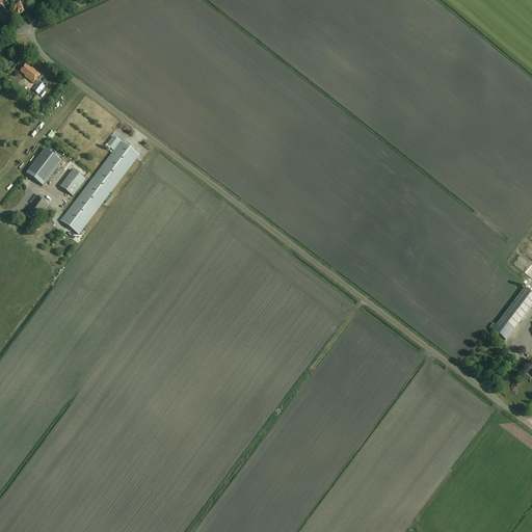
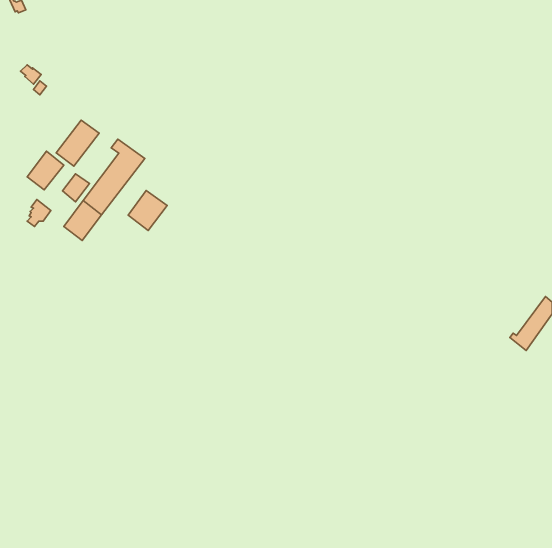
building: none -> [56,120,99,166]
building: none -> [128,191,167,230]

